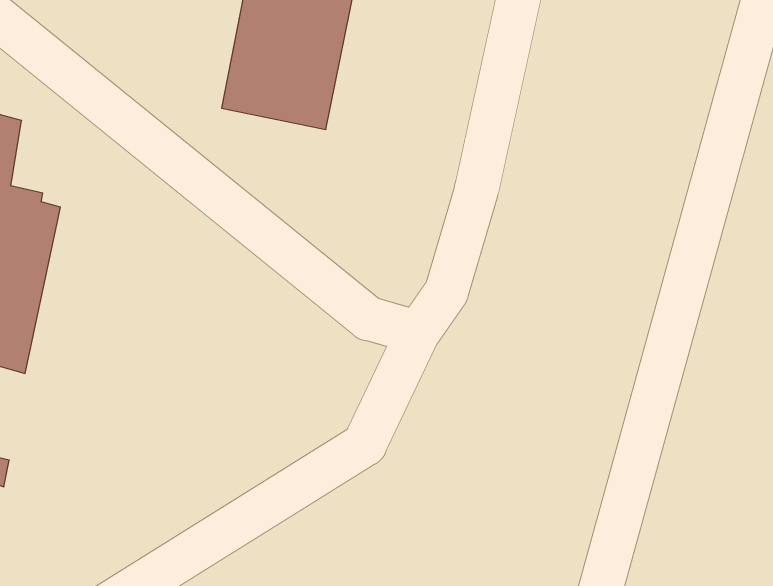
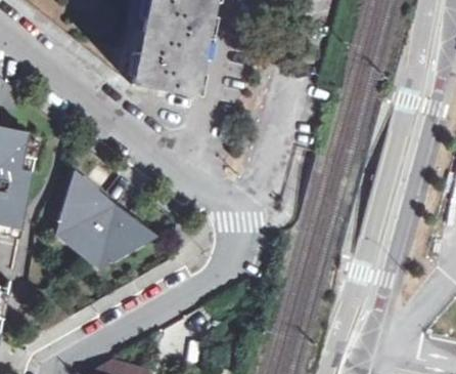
building: none -> [57,178,147,263]

